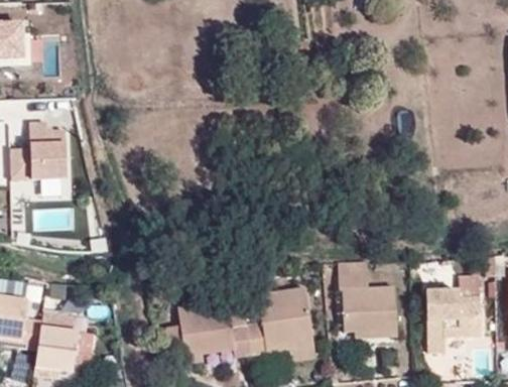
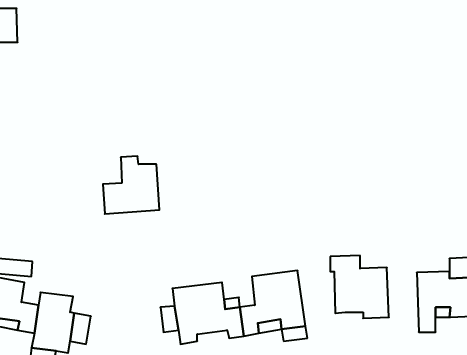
building: [11,125,69,183] -> [103,156,159,214]

